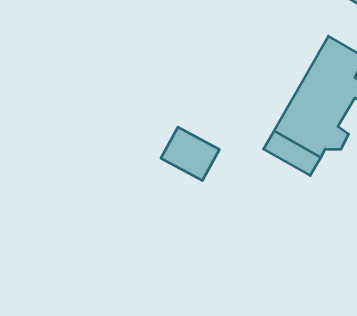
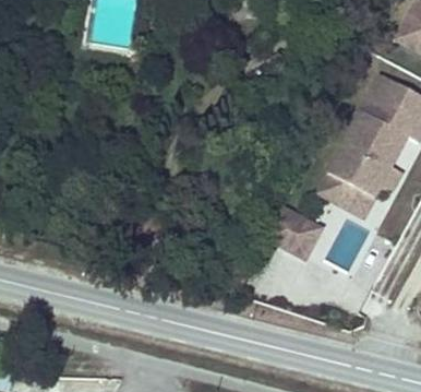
building: [161,127,219,181] -> [262,204,322,259]

